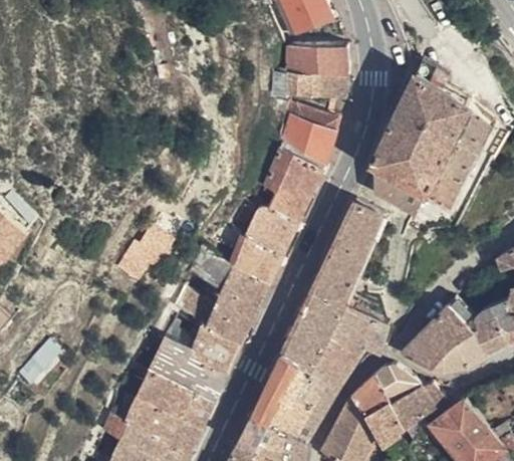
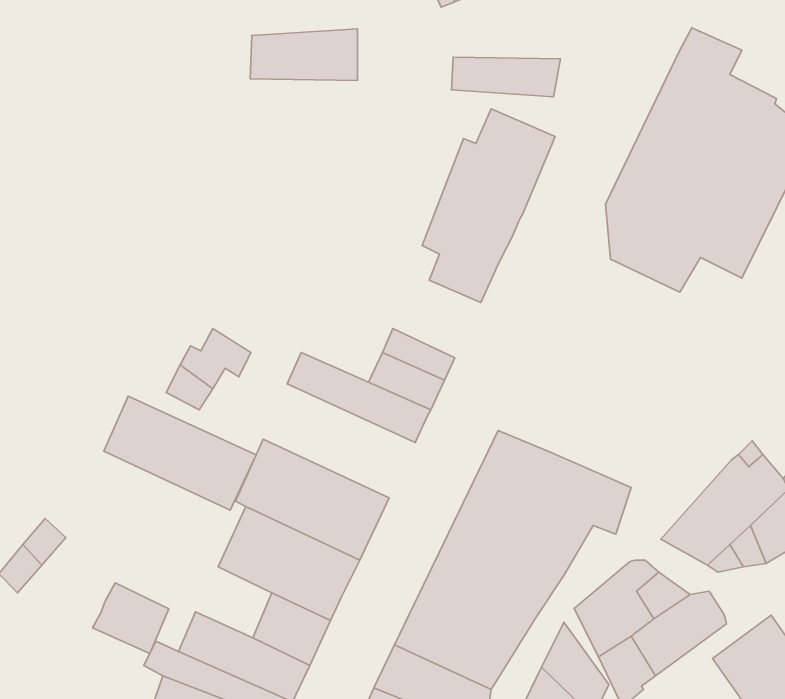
building: [285,45,347,75] -> [250,29,357,81]
building: [311,198,383,304] -> none
building: [250,203,301,249] -> none
building: [175,264,263,330] -> [104,396,256,510]
building: [136,371,180,412] -> [93,583,169,654]

